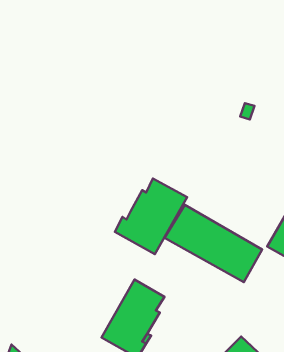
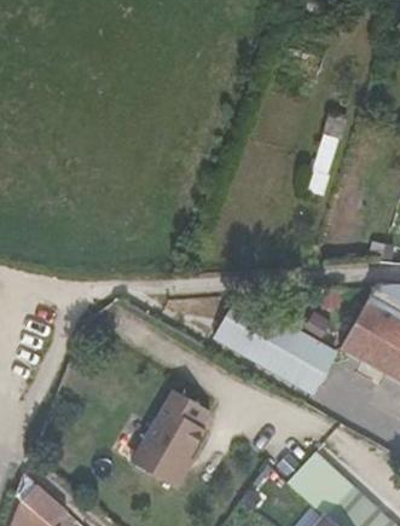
building: [115,178,187,254] -> none

